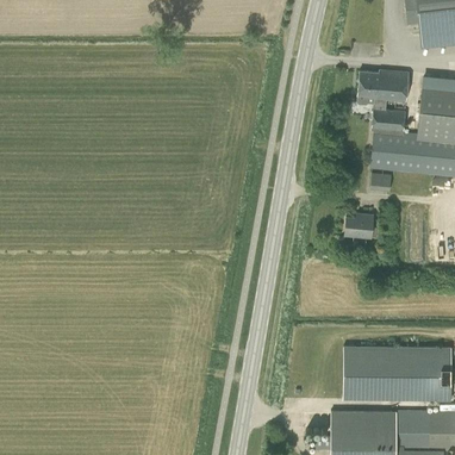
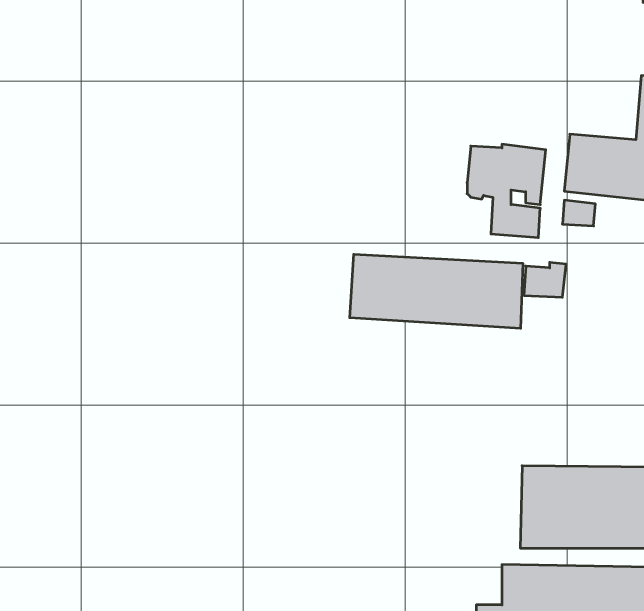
building: [357,70,409,131] -> [467,144,546,238]
building: none -> [350,254,523,328]

